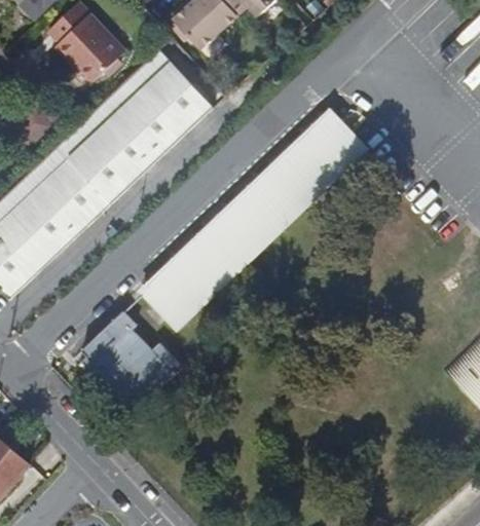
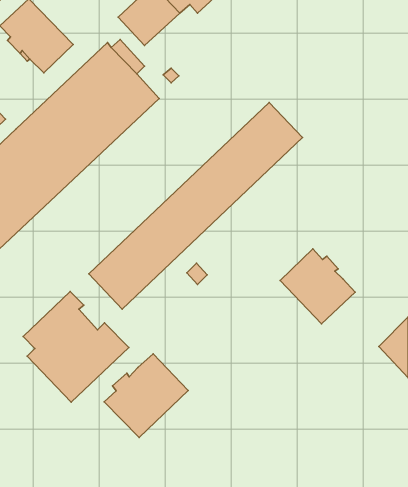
building: none -> [280,249,355,324]
building: none -> [104,354,188,438]

